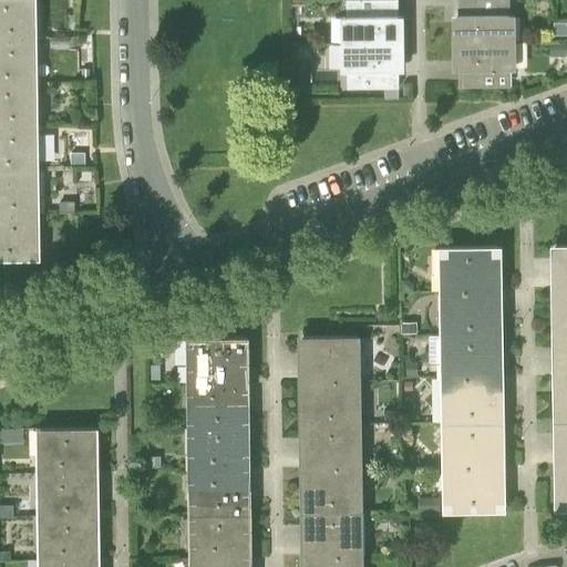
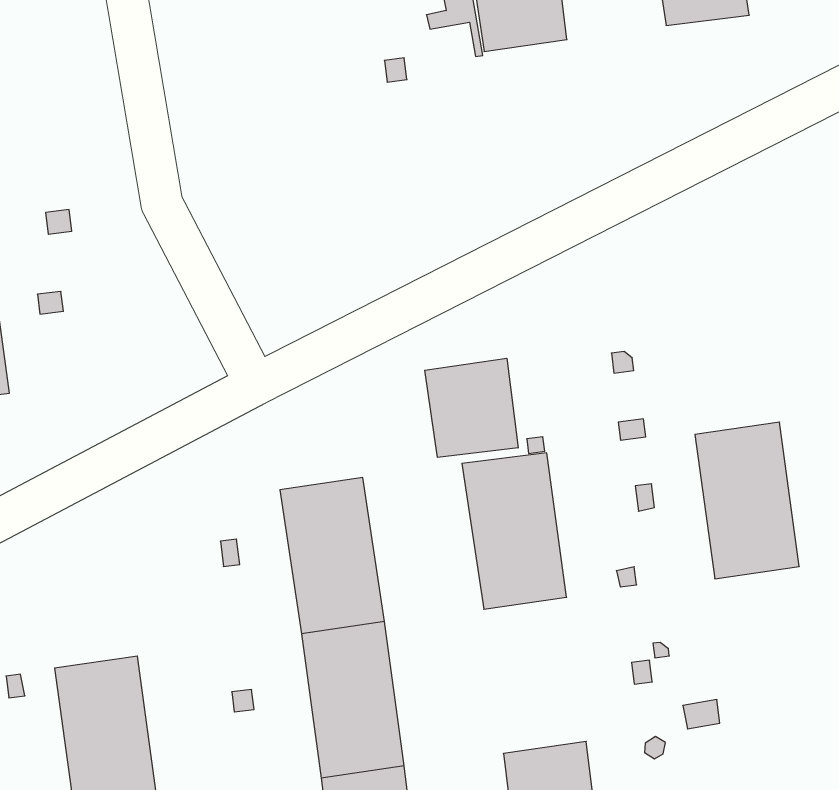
building: [445,248,498,338] -> none
building: none -> [425,358,518,457]
building: [447,425,501,514] -> none
building: [306,426,358,516] -> none

